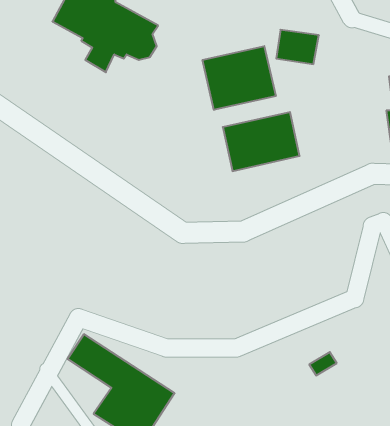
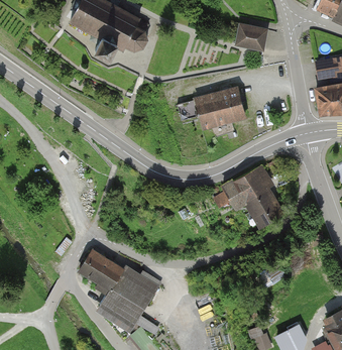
building: [203,46,276,110] -> none
building: none -> [221,165,286,227]

